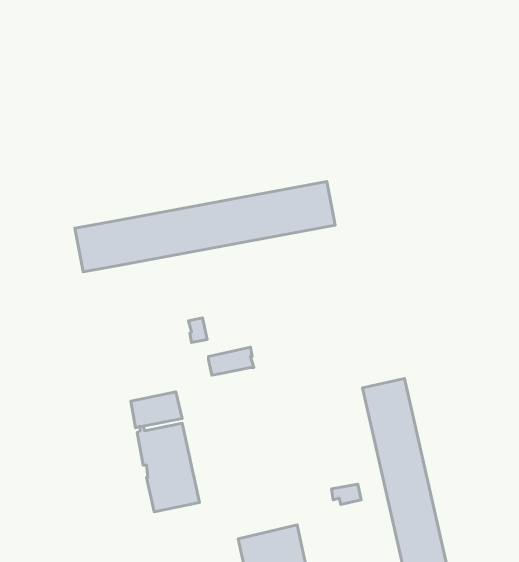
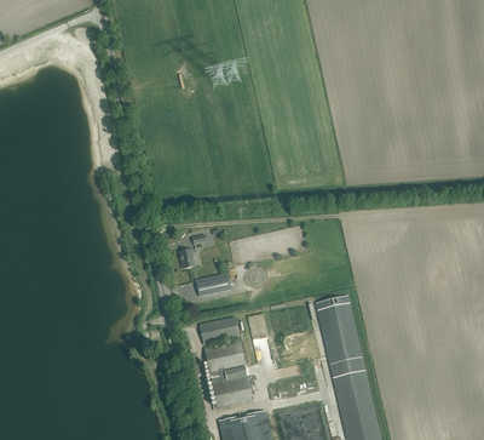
building: [75,182,335,272] -> none
building: [131,392,199,512] -> [198,316,252,410]

